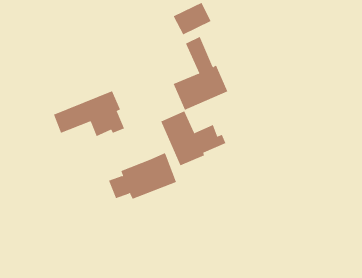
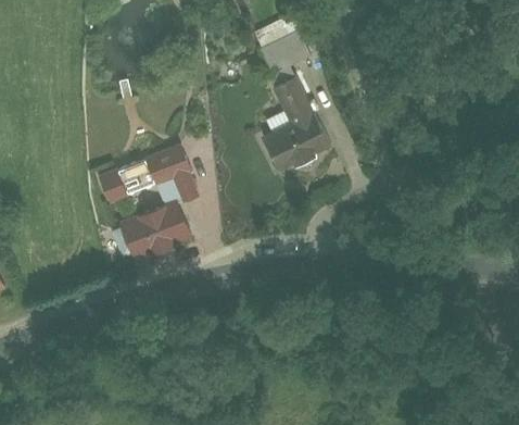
building: [160,110,226,166] -> none
building: [108,152,177,200] -> [103,196,193,258]

